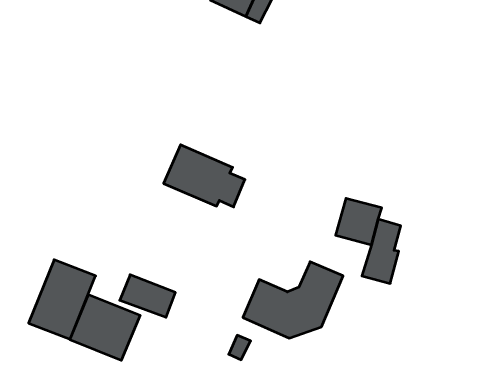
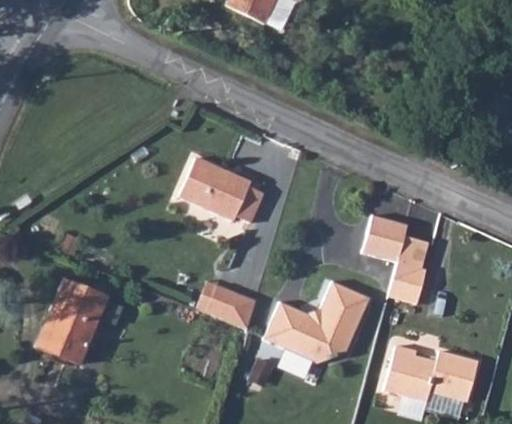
building: [120,275,175,317] -> [198,282,257,327]
building: [70,295,140,360] -> none
building: none -> [386,344,480,400]

